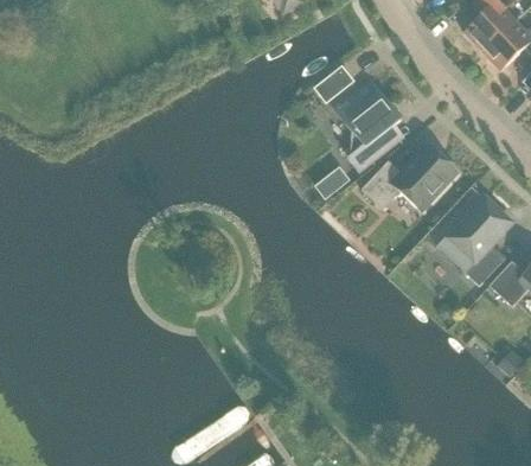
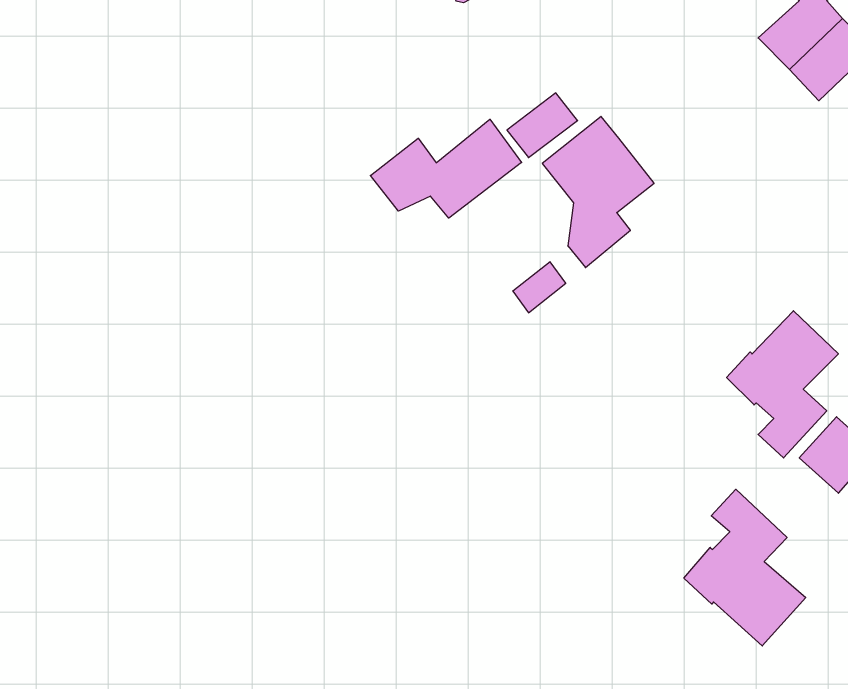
building: none -> [370,119,522,218]
building: [360,143,458,210] -> none
building: none -> [684,489,806,646]

